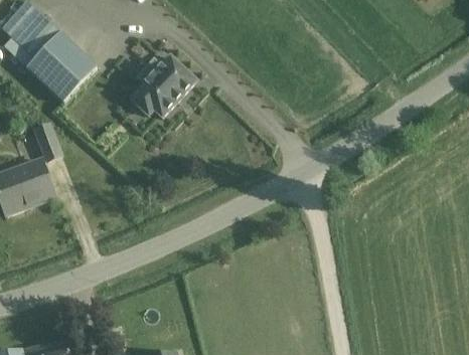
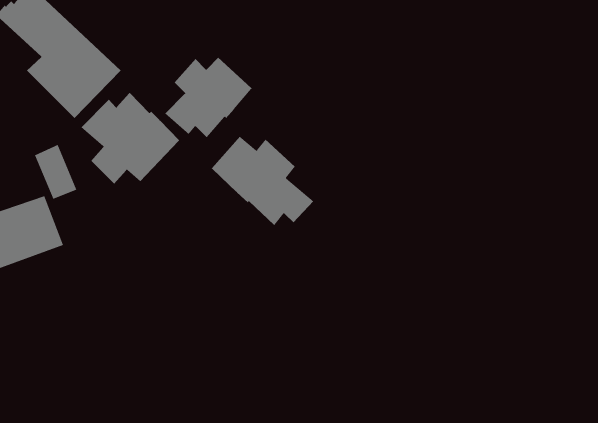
building: none -> [81,91,181,184]
building: none -> [210,136,314,227]

